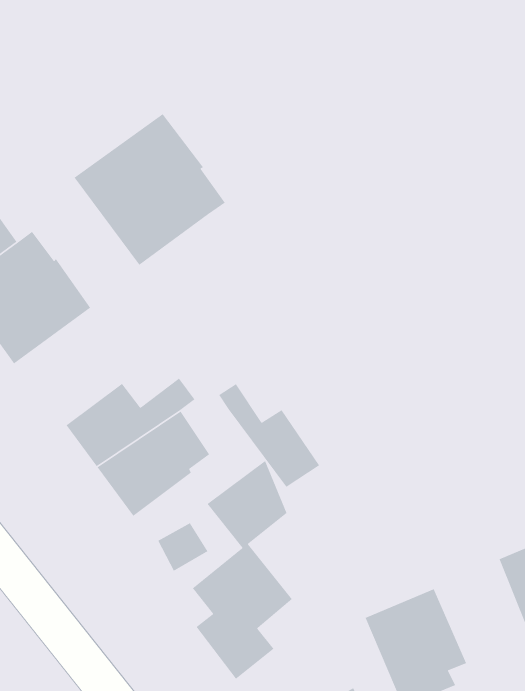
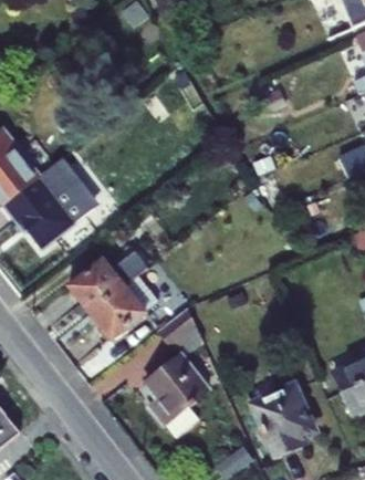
building: [74,113,226,266] -> none
building: [218,383,320,488] -> none

